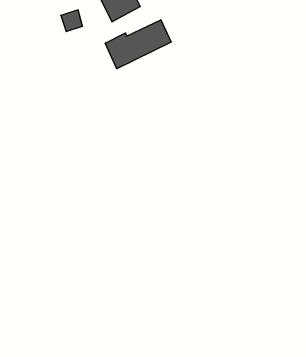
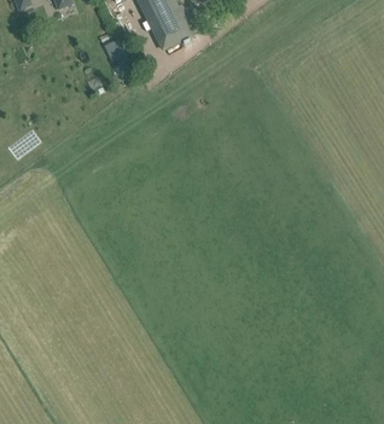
building: [105,20,171,69] -> none

